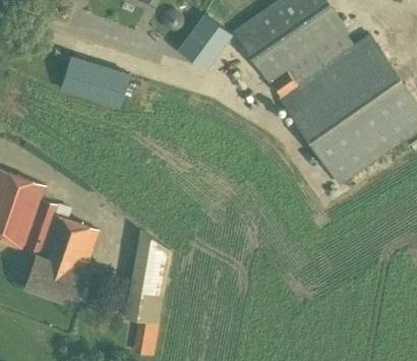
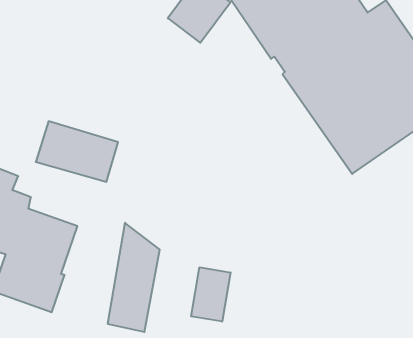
building: [57,56,129,109] -> [36,121,118,182]
building: none -> [191,267,231,322]

